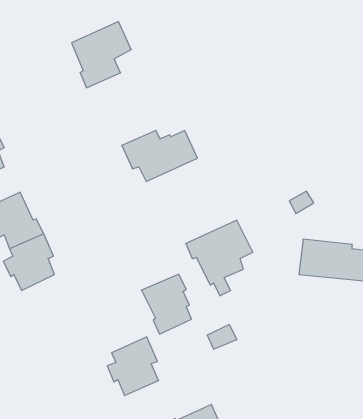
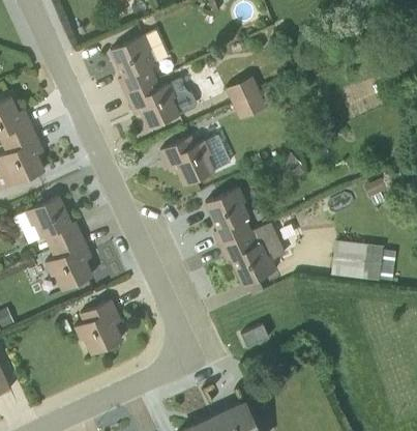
building: none -> [229,73,269,115]
building: none -> [124,77,197,128]
building: [141,274,192,334] -> [203,186,251,245]
building: [107,337,159,396] -> [73,297,123,354]

